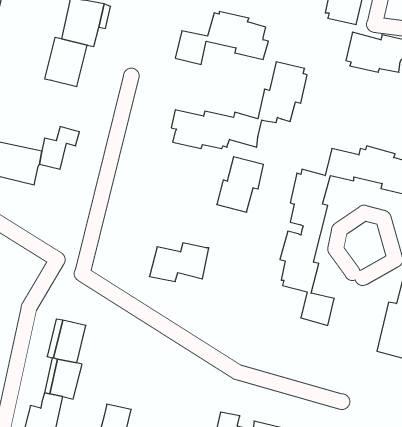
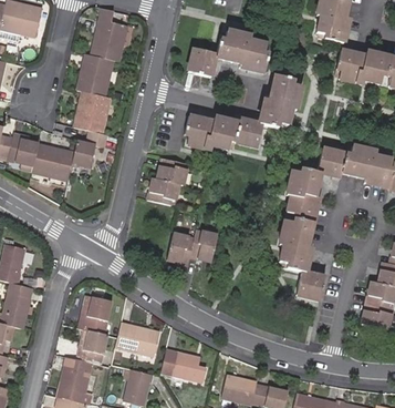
building: none -> [74,90,111,133]
building: [217,157,263,212] -> [147,157,187,205]
building: none -> [114,322,158,356]
building: none -> [159,347,207,382]

